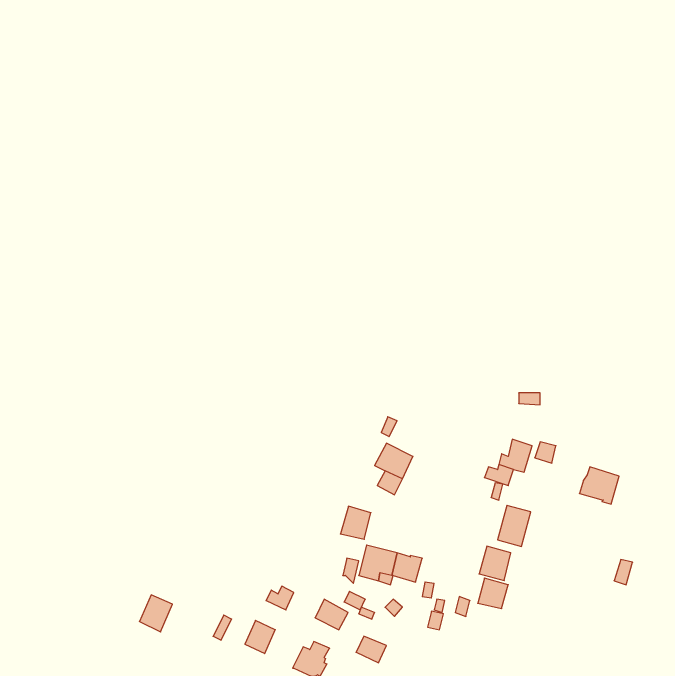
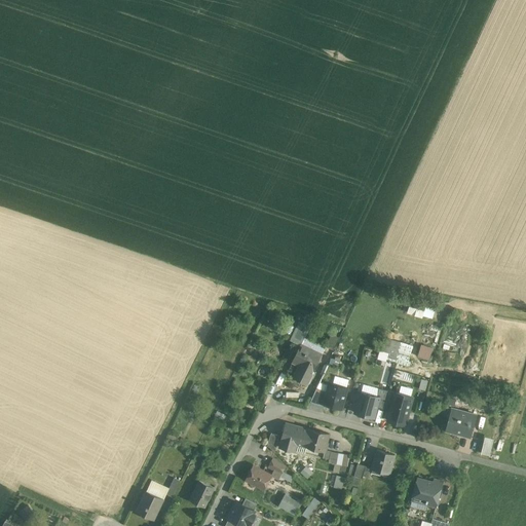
building: [579,467,619,504] -> [446,409,477,438]
building: [340,506,371,539] -> [323,383,346,409]
building: [479,546,511,581] -> [353,391,378,418]
building: [139,595,172,632] -> [137,491,162,520]
building: none -> [411,477,441,506]

